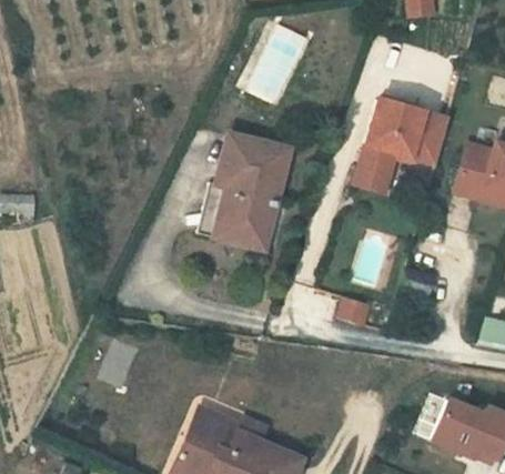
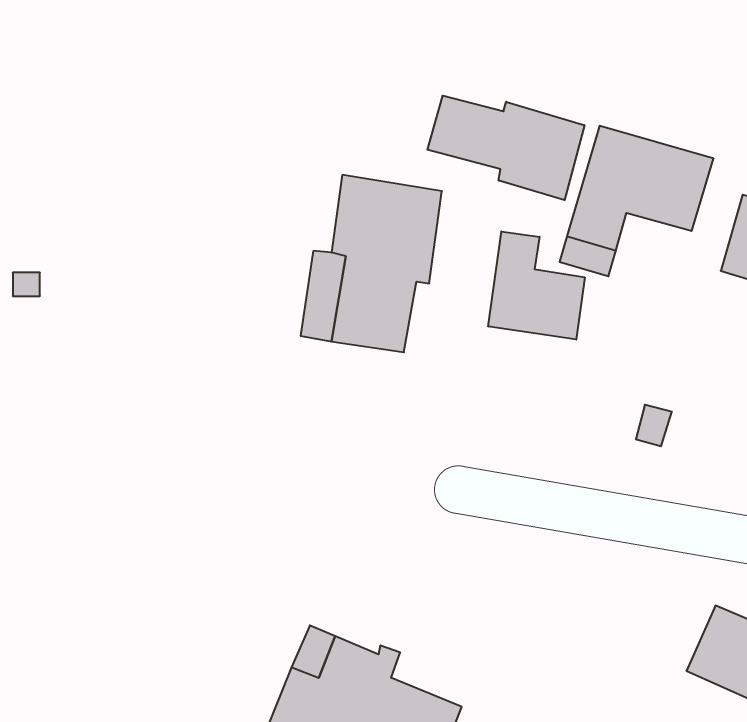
building: none -> [427,96,584,200]
building: none -> [488,231,585,340]

